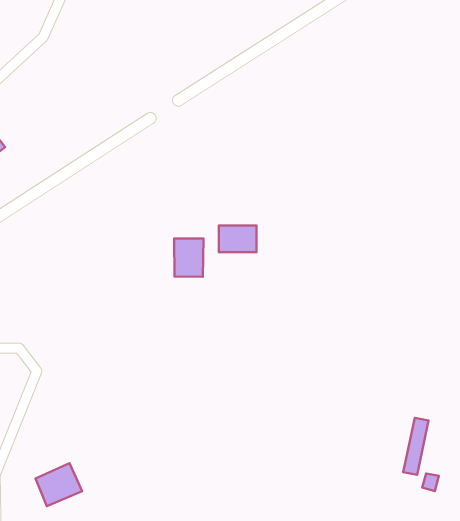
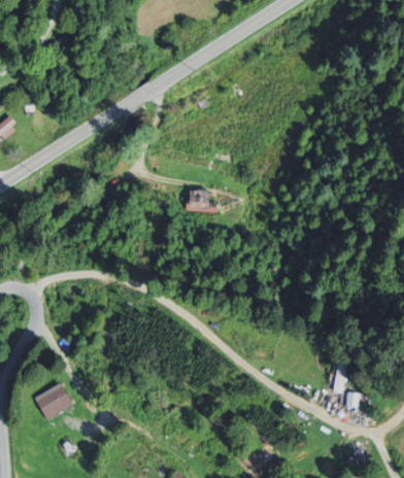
building: [174,238,203,277] -> none

